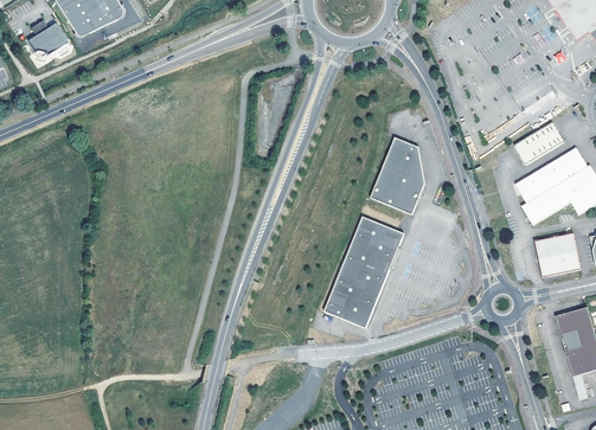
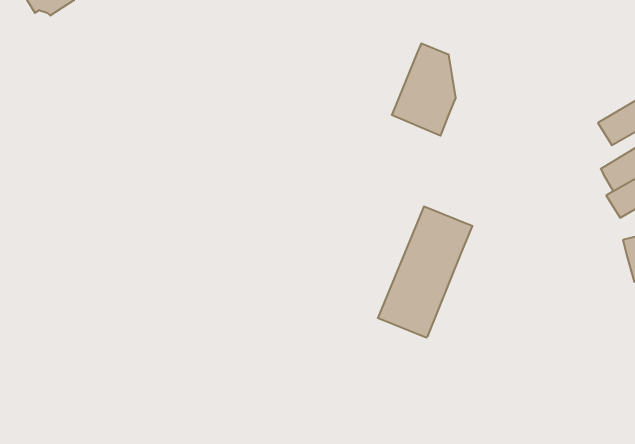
building: [371,136,425,214] -> [392,44,456,136]

